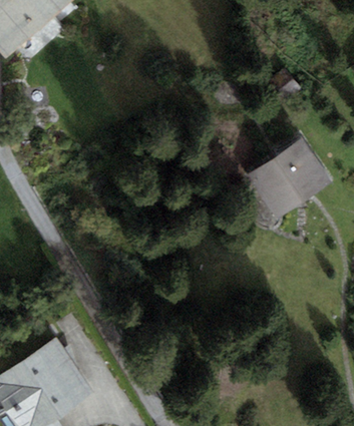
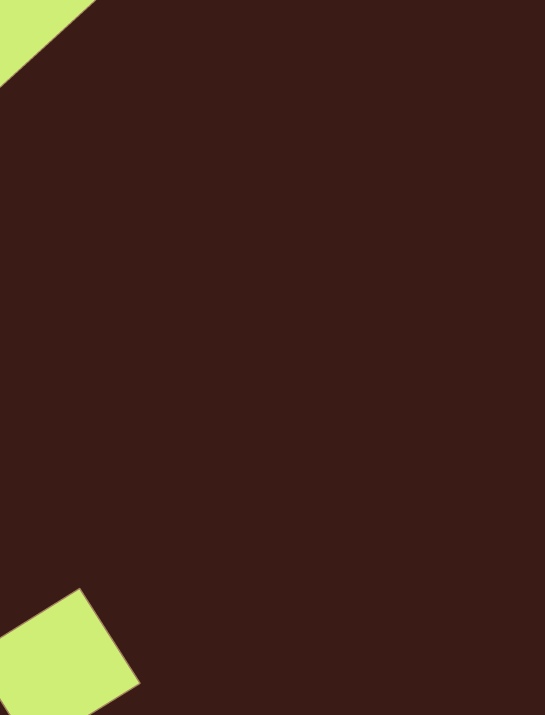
building: [244,140,323,216] -> none

